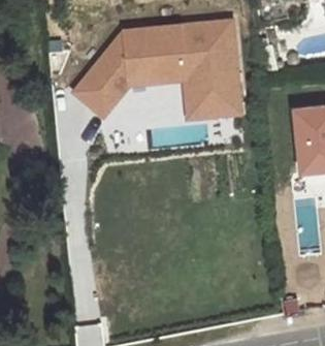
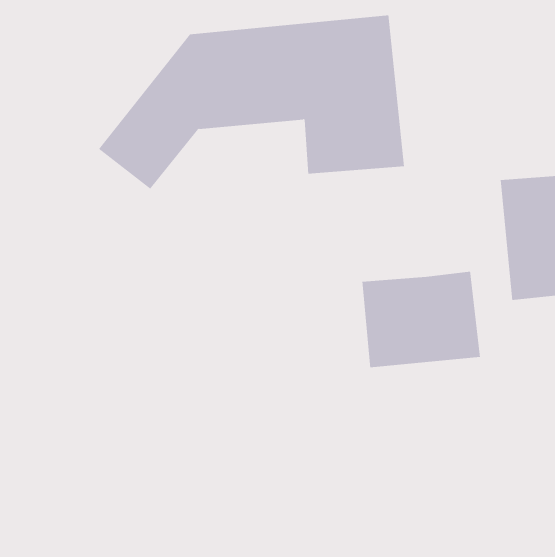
building: none -> [362,271,480,368]

